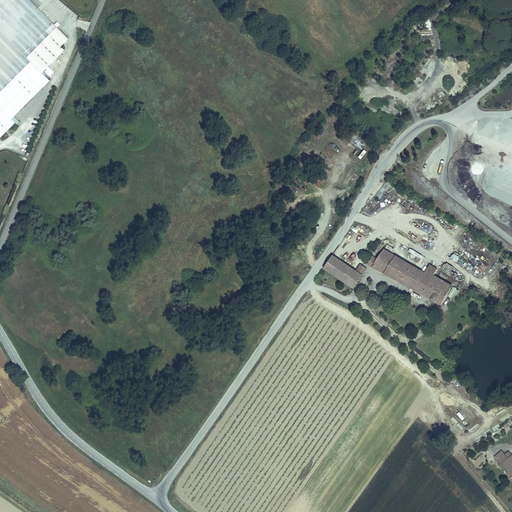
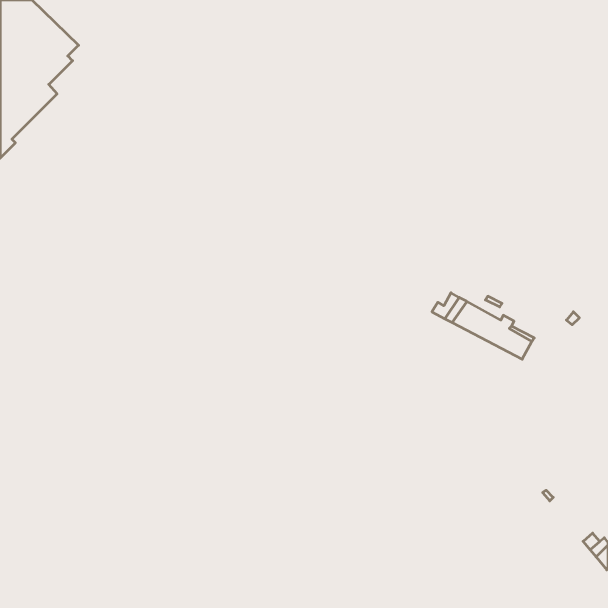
building: [325,257,363,290] -> none

